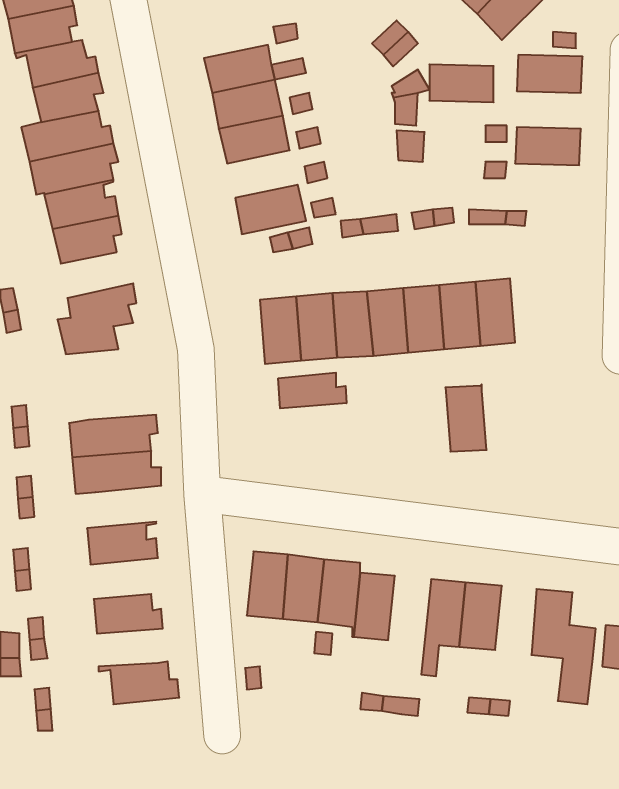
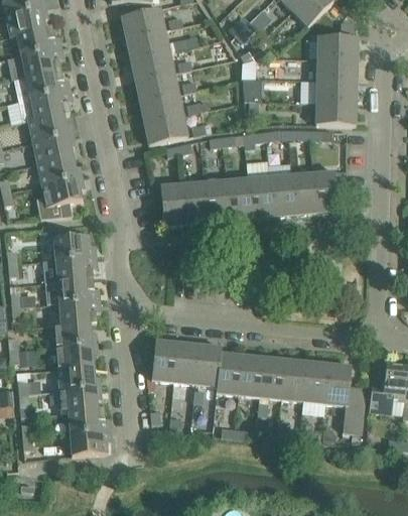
building: none -> [122,8,165,37]
building: [429,64,494,102] -> [317,57,357,81]
building: none -> [140,94,183,123]
building: none -> [316,102,356,125]
building: none -> [38,156,83,184]
building: [278,373,346,408] -> none
building: none -> [53,234,97,259]
building: [445,384,487,452] -> [313,170,338,212]
building: none -> [54,299,101,326]
building: none -> [56,344,99,369]
building: none -> [239,355,265,415]
building: none -> [304,361,329,403]
building: none -> [60,387,102,410]
building: none -> [71,429,112,456]

